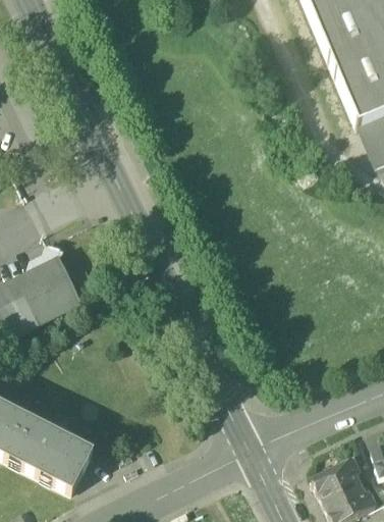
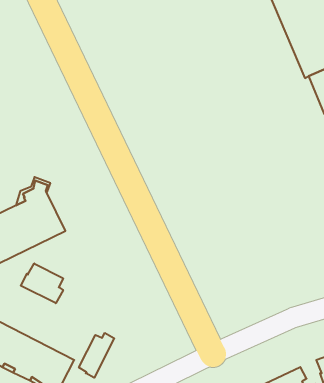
building: none -> [21,263,63,303]
building: none -> [79,333,114,378]

